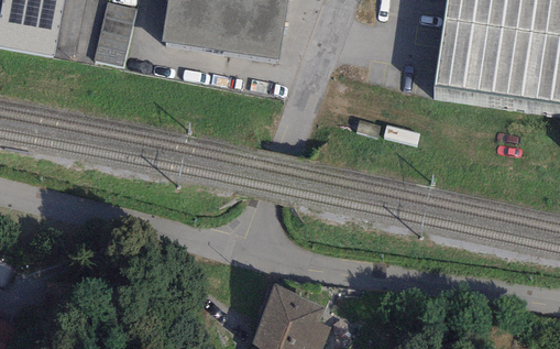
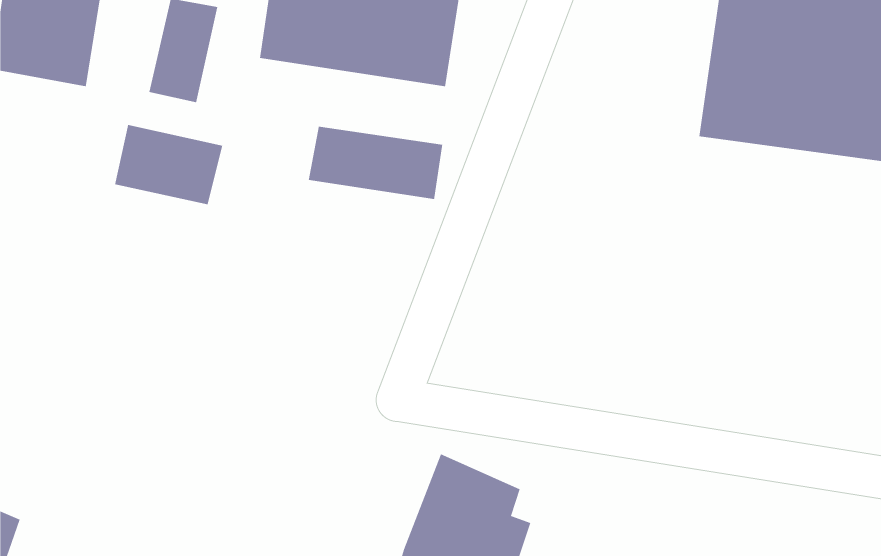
building: none -> [114,124,223,205]
building: none -> [308,126,443,200]

